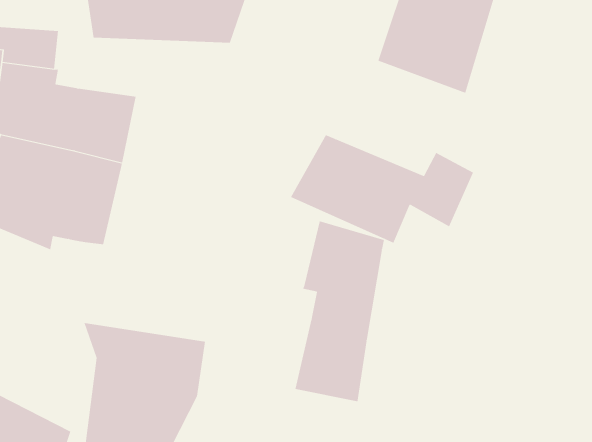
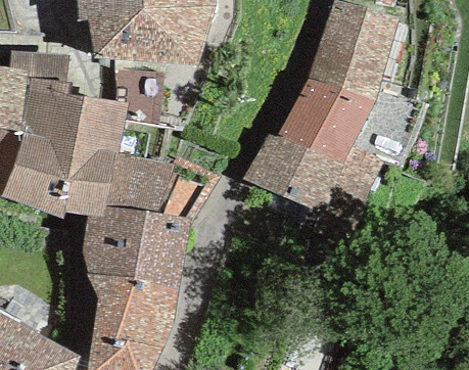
building: none -> [276,78,374,164]
building: none -> [81,154,190,288]
building: [295,221,385,402] -> none

